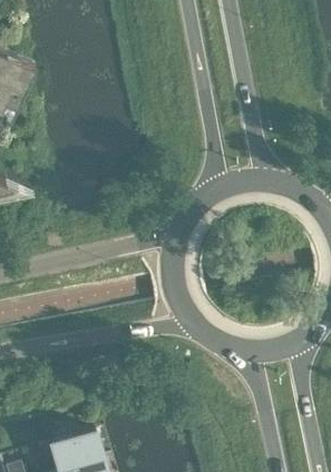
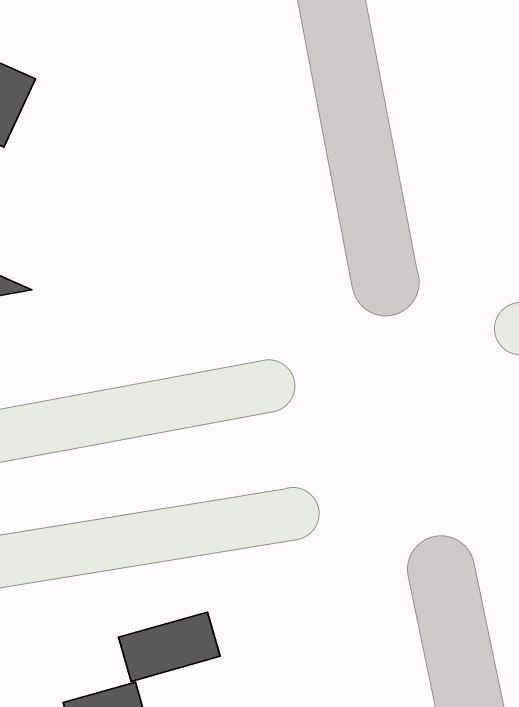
building: none -> [118,612,220,681]

